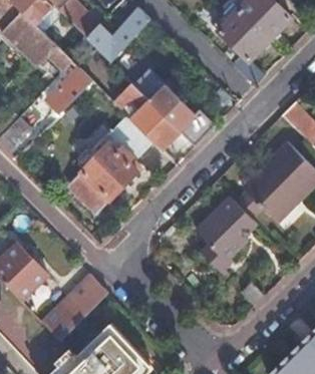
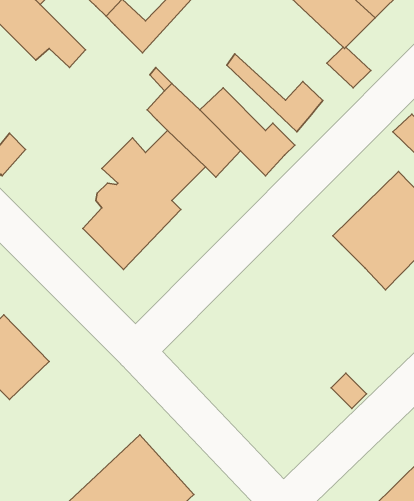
building: [42,60,92,112] -> none
building: none -> [227,54,323,132]
building: [198,198,258,266] -> none
building: [40,273,106,339] -> none

